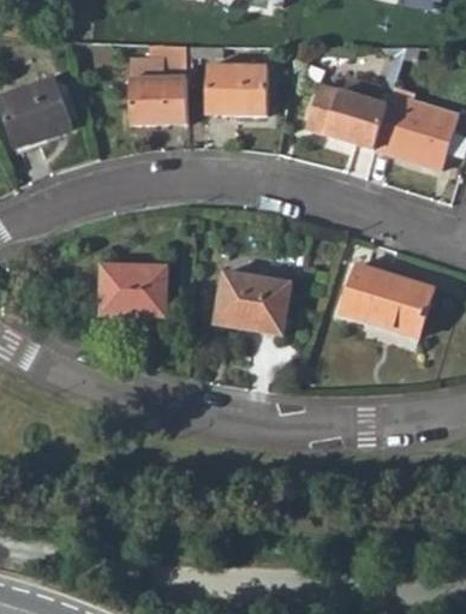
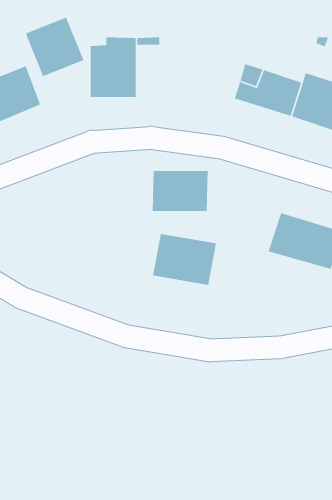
building: none -> [25,17,84,77]
building: [208,66,265,117] -> none
building: [100,263,168,314] -> [152,170,208,212]

